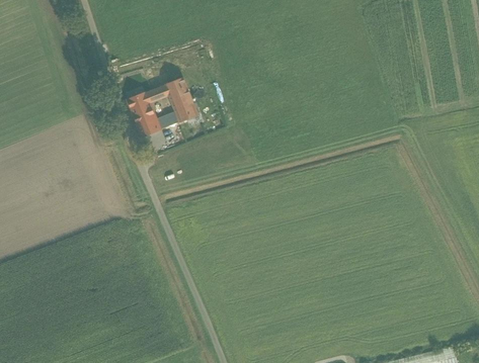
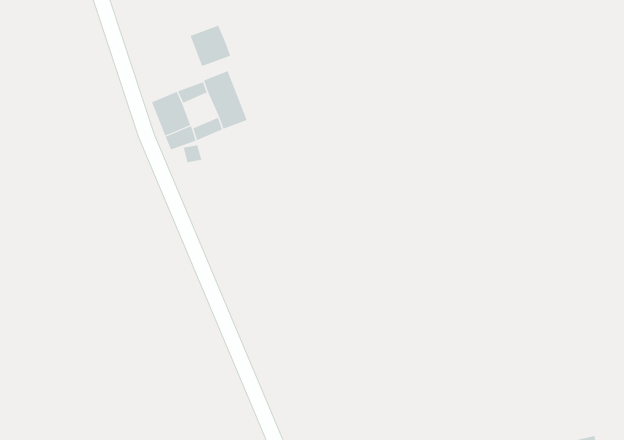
building: none -> [190,25,231,67]

